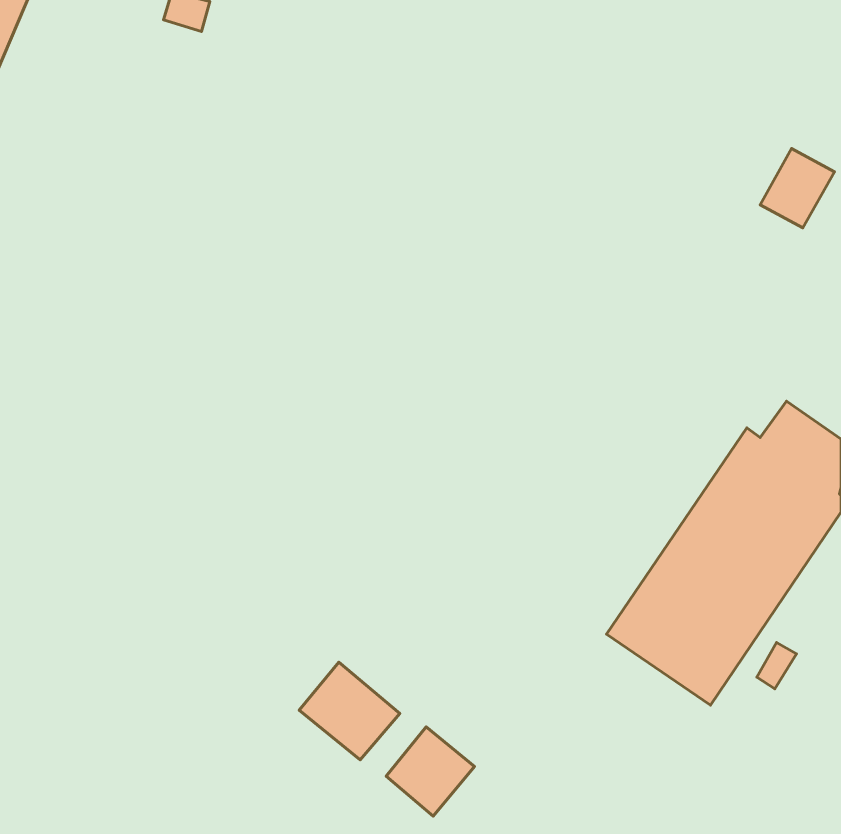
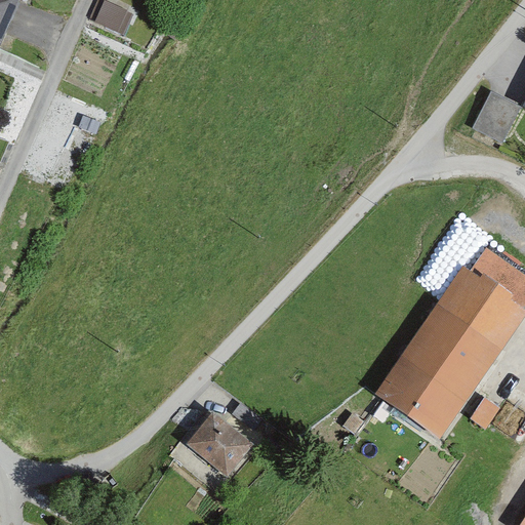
building: [386,727,475,816] -> none

